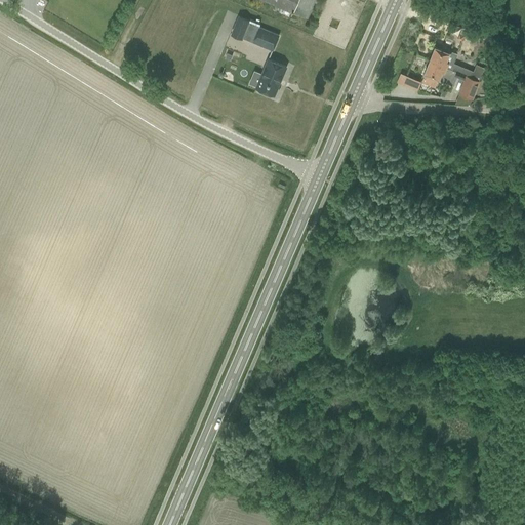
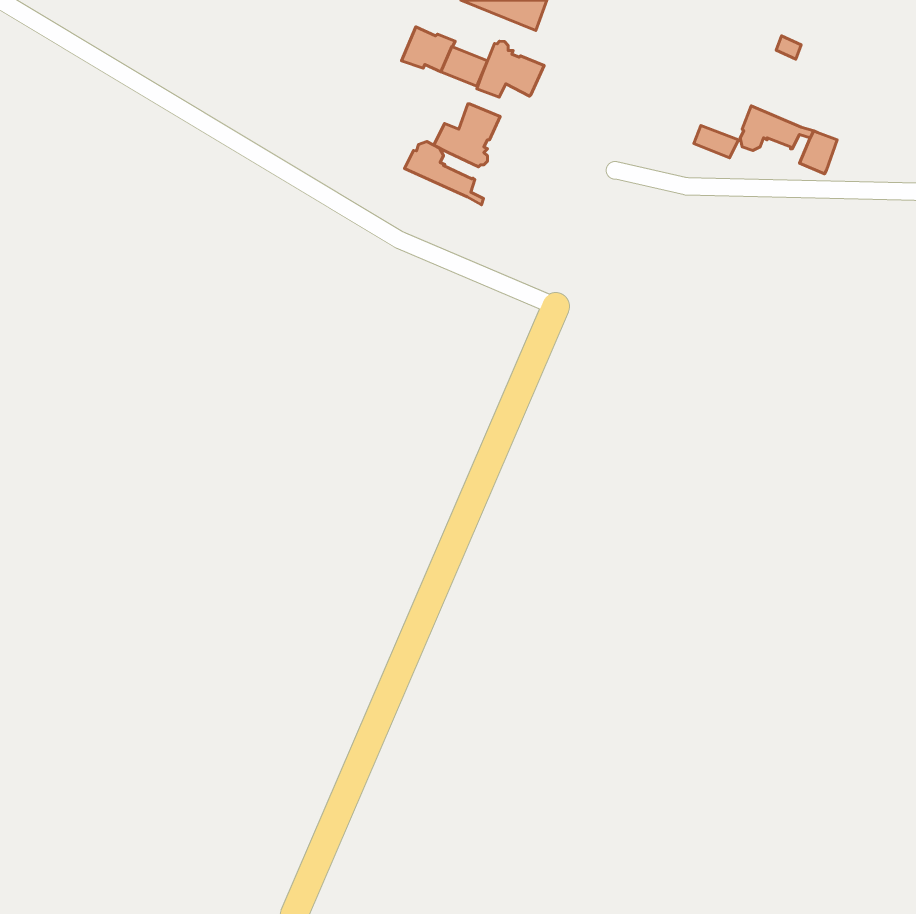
building: none -> [477,41,544,97]
building: [430,47,484,81] -> none
building: none -> [404,142,483,205]

